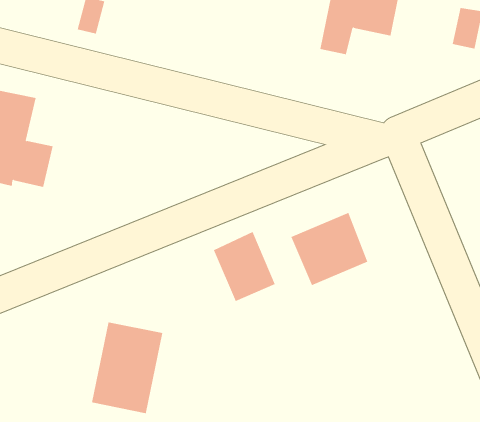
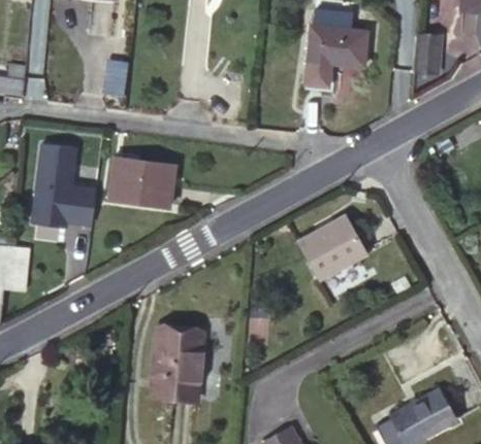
building: none -> [109,157,174,206]
building: [213,231,276,302] -> none

